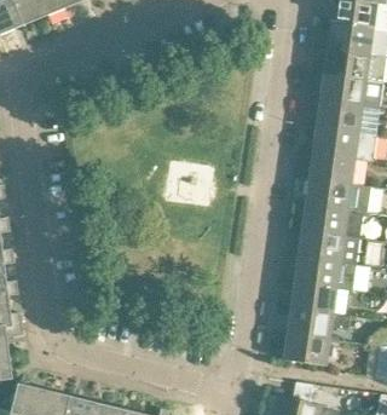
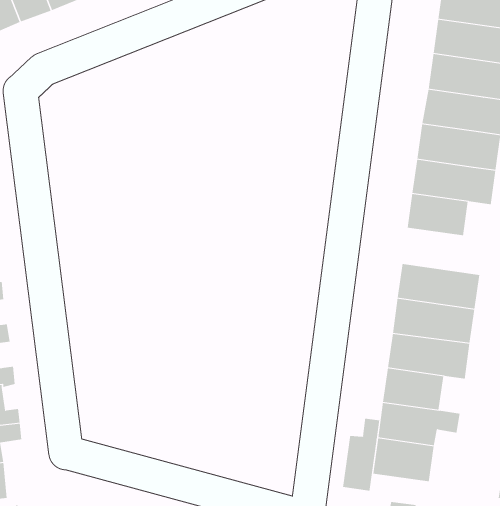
building: [305,178,370,213] -> none
building: none -> [342,418,380,492]

